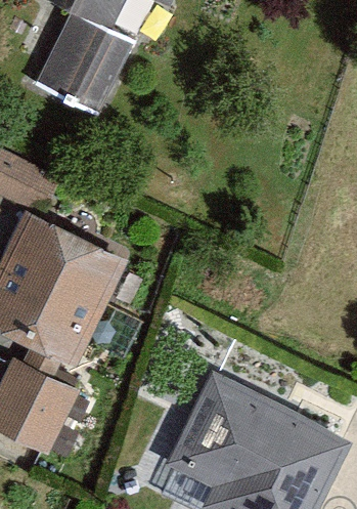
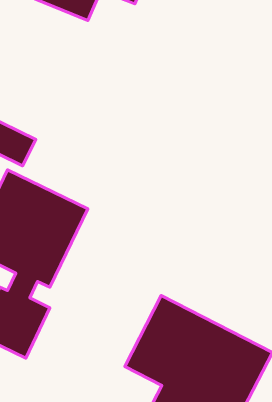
building: [38,18,129,112] -> none

